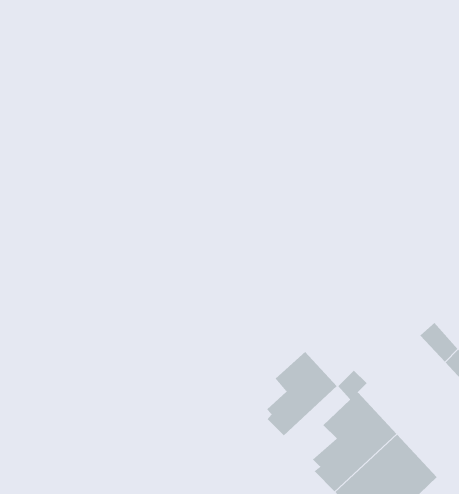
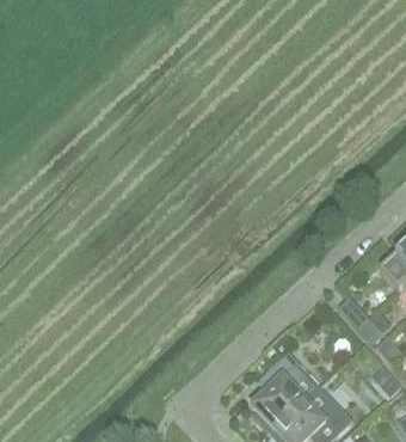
building: [267,351,338,436] -> none

